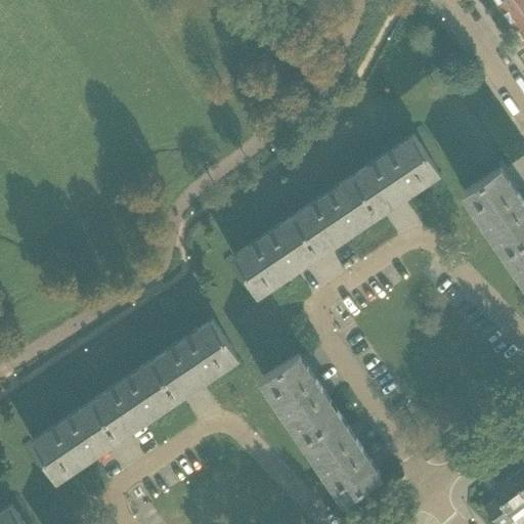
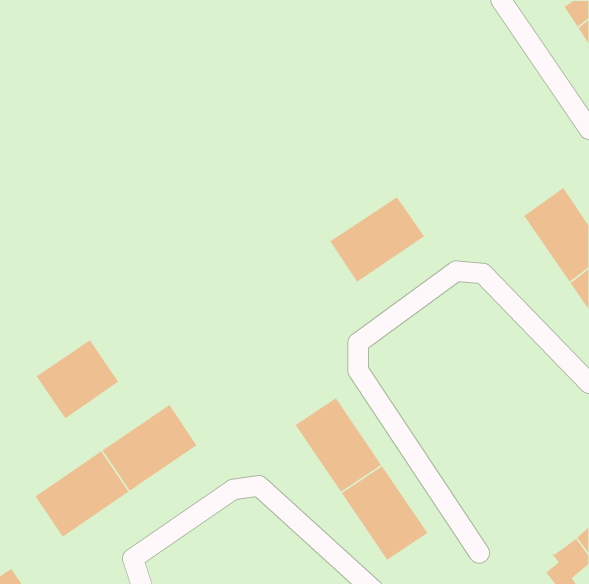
building: [352,138,437,215] -> none
building: [231,219,316,296] -> none
building: none -> [36,339,119,419]
building: [150,323,235,400] -> none

